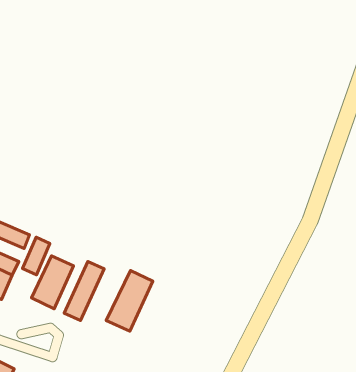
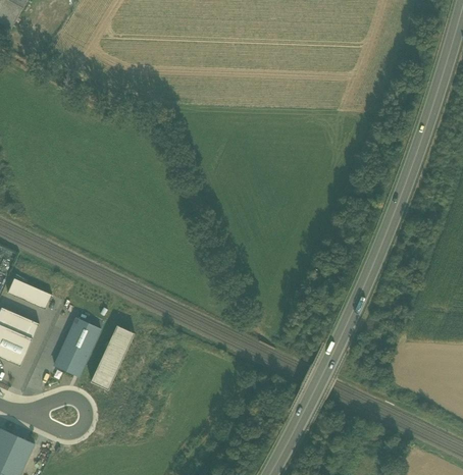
building: [23,237,50,275] -> none
building: [106,270,153,331] -> none

